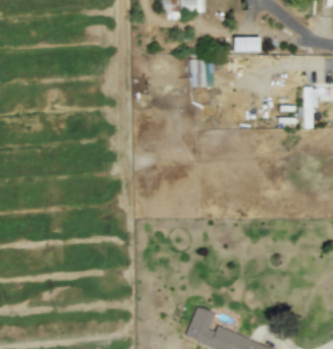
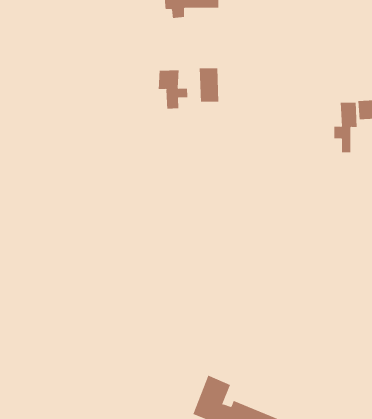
building: [233,38,260,52] -> none
building: none -> [158,69,188,109]

